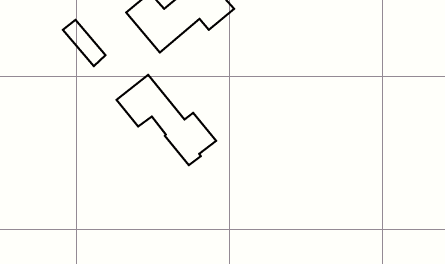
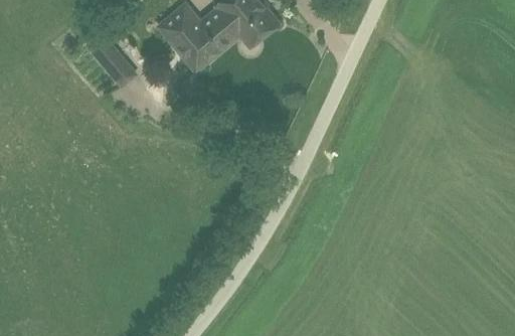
building: [117,75,216,165] -> none

